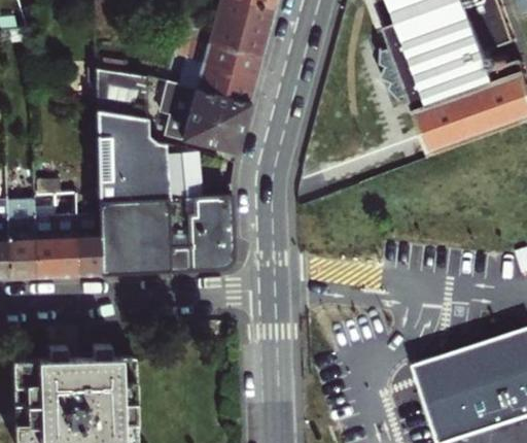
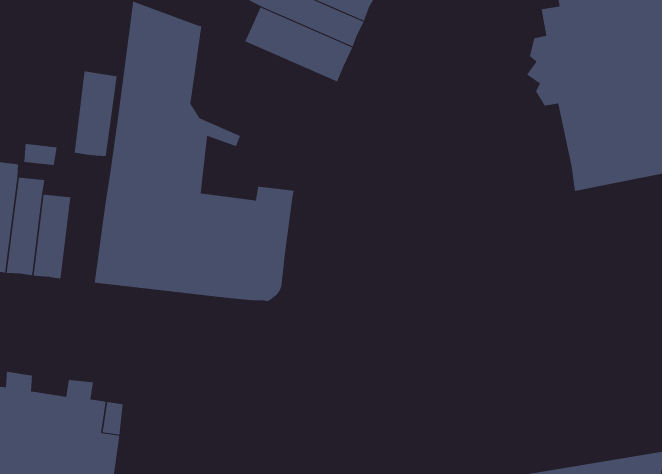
building: [160,81,250,152] -> none
building: [164,152,205,198] -> none
building: [73,215,99,275] -> [74,71,118,156]

